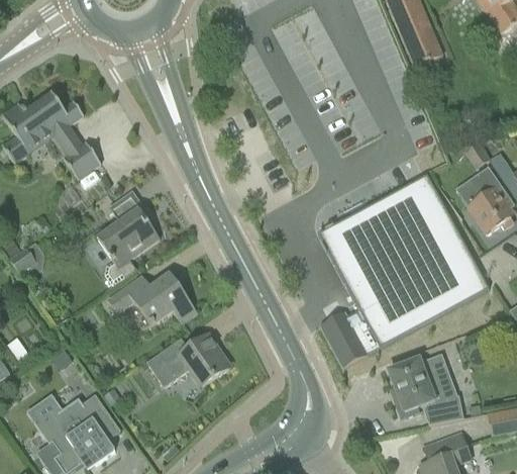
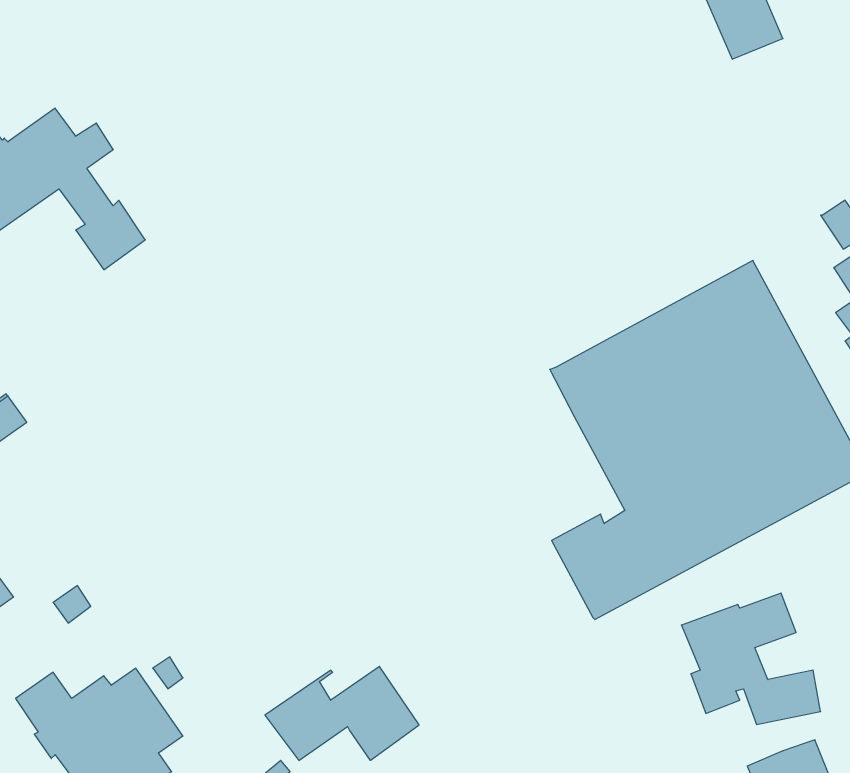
building: [96,189,160,285] -> none
building: [107,273,197,325] -> none
building: [145,335,228,385] -> [265,666,419,760]

